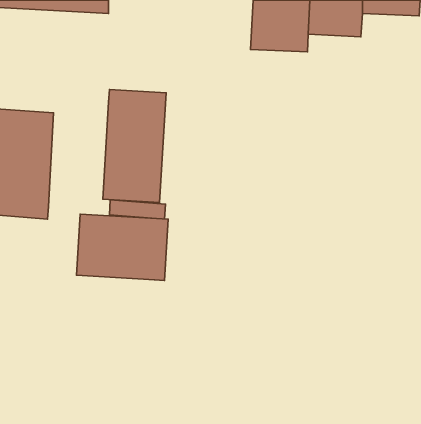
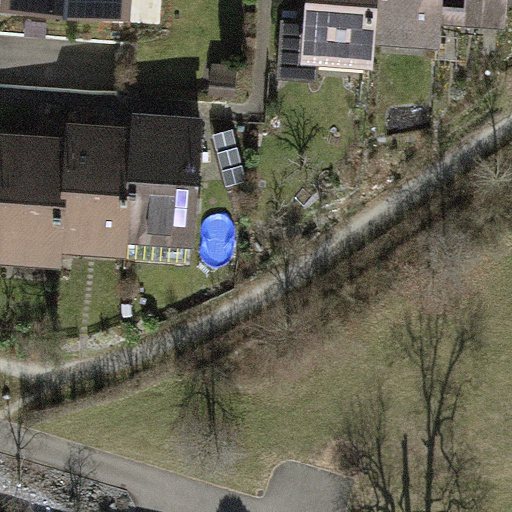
building: none -> [58,122,130,255]
building: [76,214,168,280] -> none

